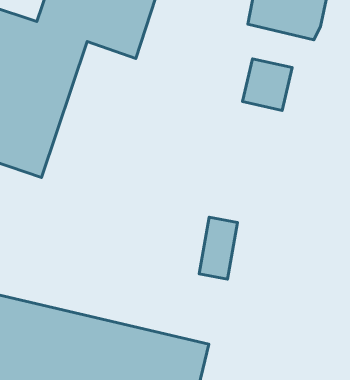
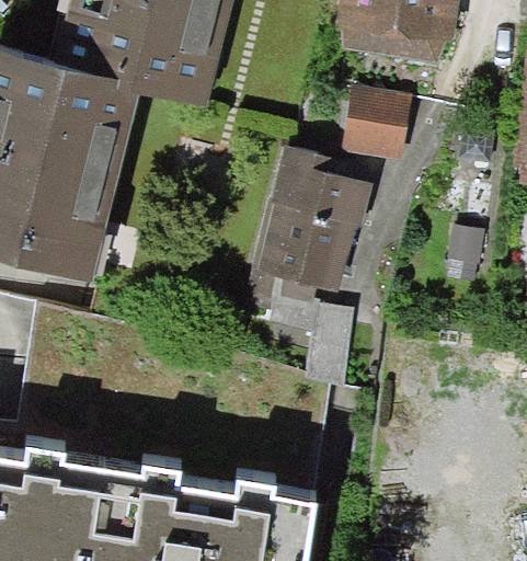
building: none -> [243,162,364,312]

